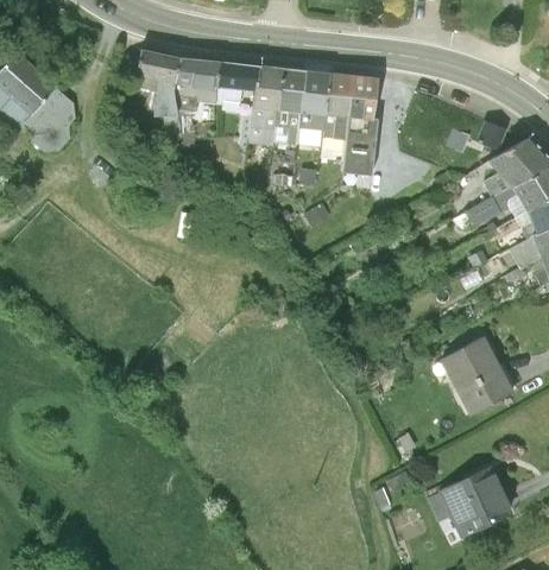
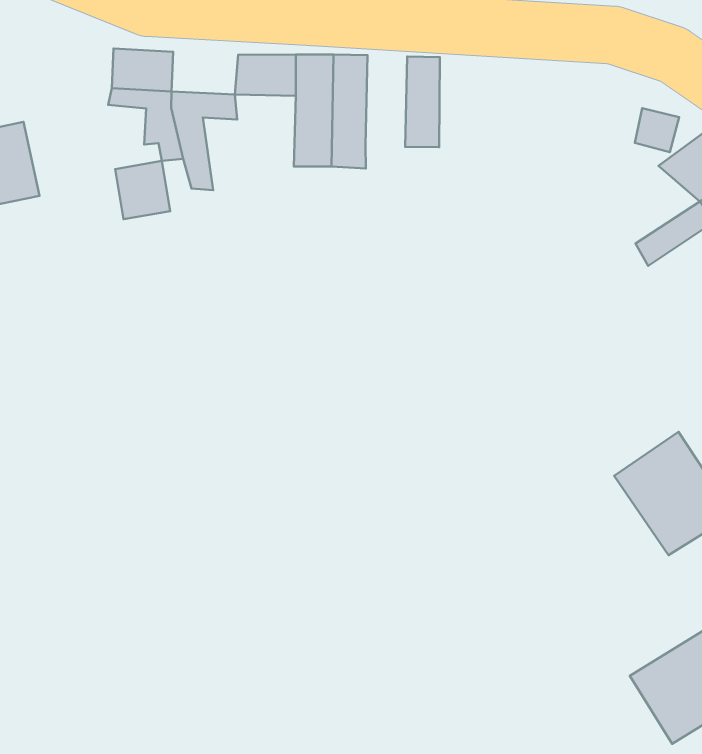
building: [170,55,216,87] -> none
building: [295,69,328,132] -> none
building: [340,75,376,163] -> none
building: none -> [115,161,170,219]

